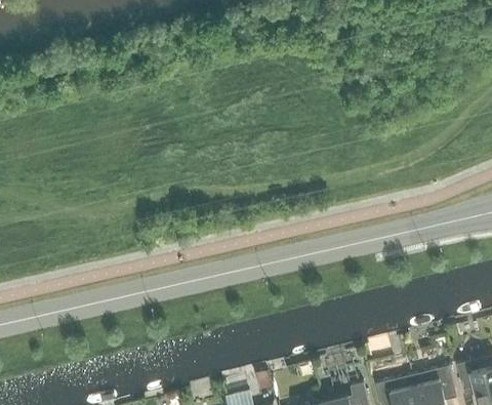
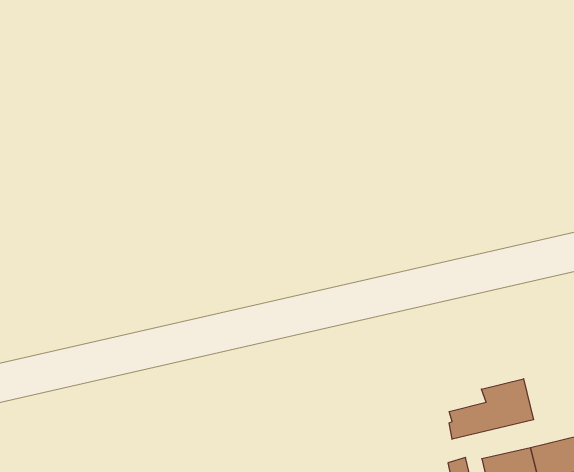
building: none -> [449,379,533,439]

